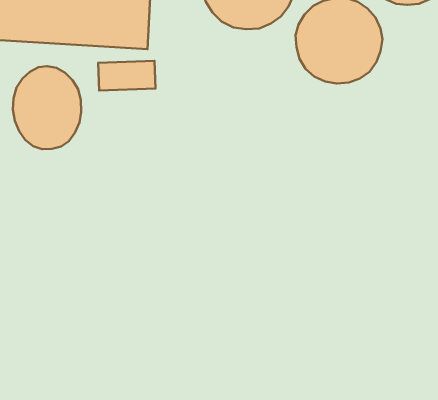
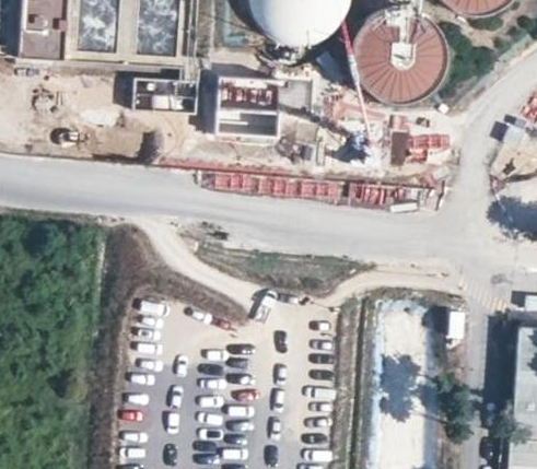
building: [13,66,81,149] -> none

